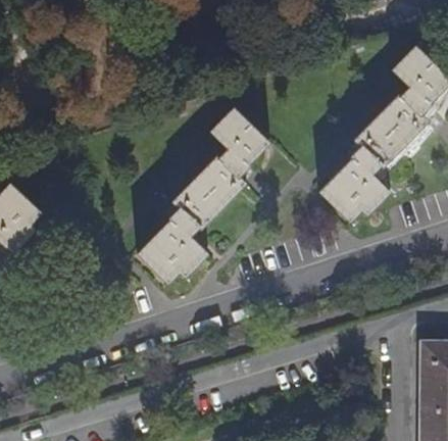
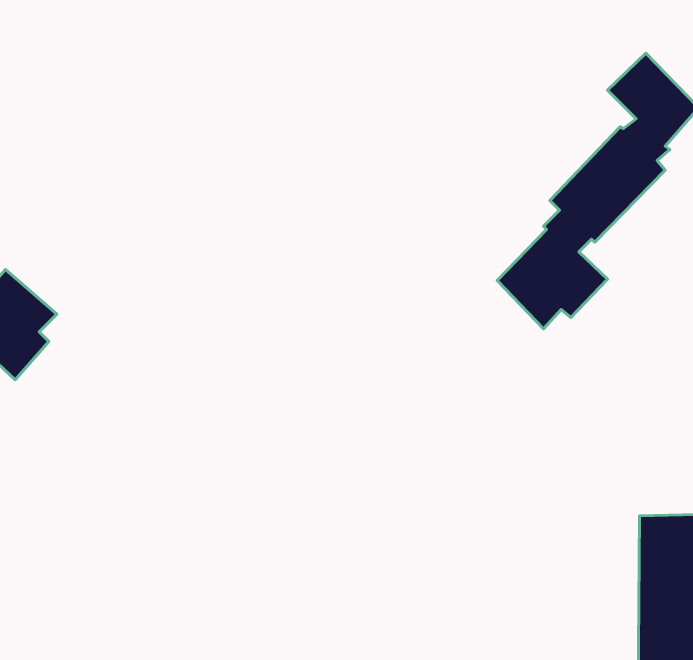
building: [139,107,269,284] -> none

